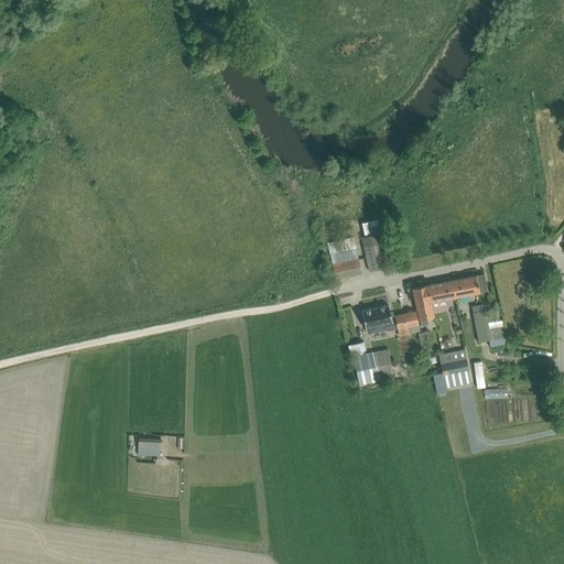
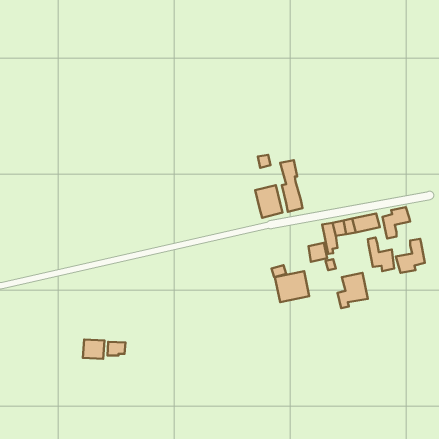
building: none -> [382,207,410,238]
building: [361,305,395,334] -> none
building: none -> [396,239,425,273]
building: none -> [83,340,105,359]

